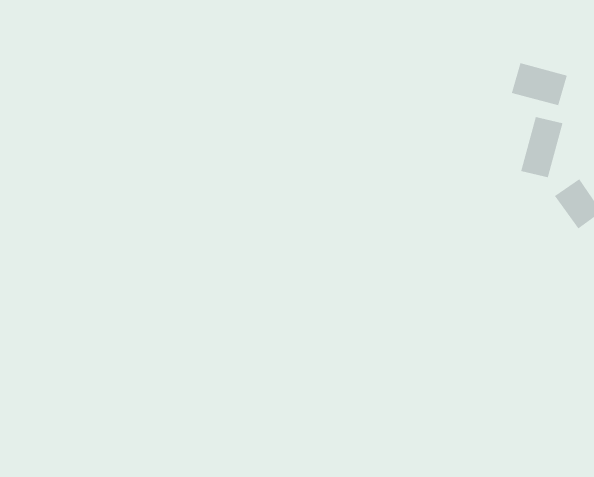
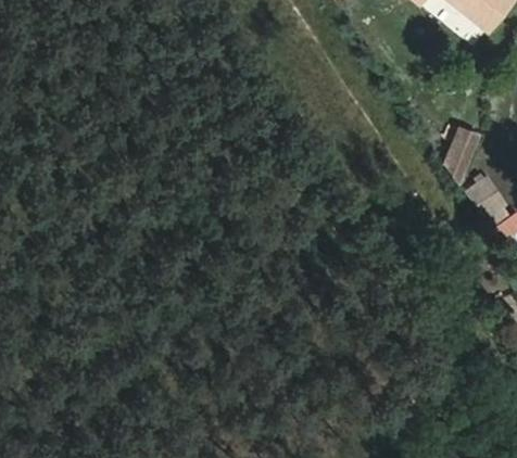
building: [511,62,568,106] -> none

